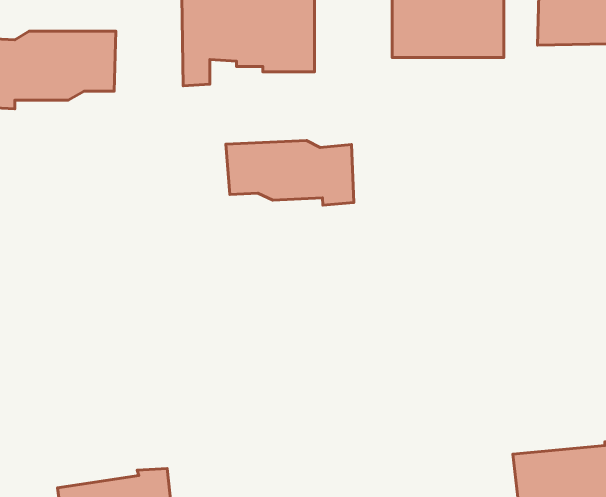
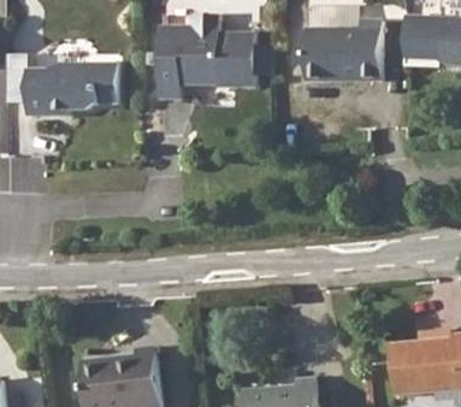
building: [226,141,354,205] -> none

